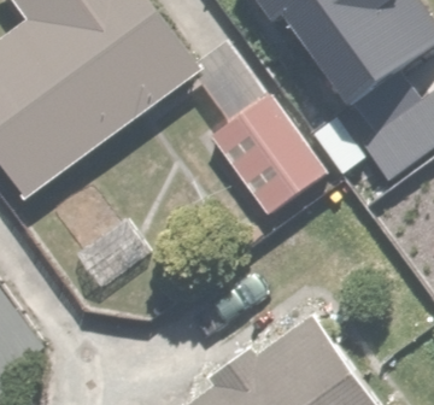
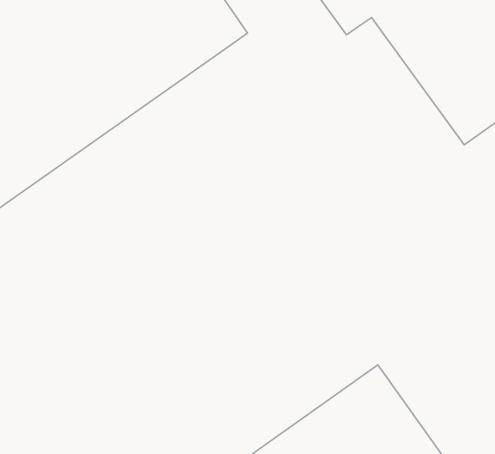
building: [207,89,339,222] -> none

